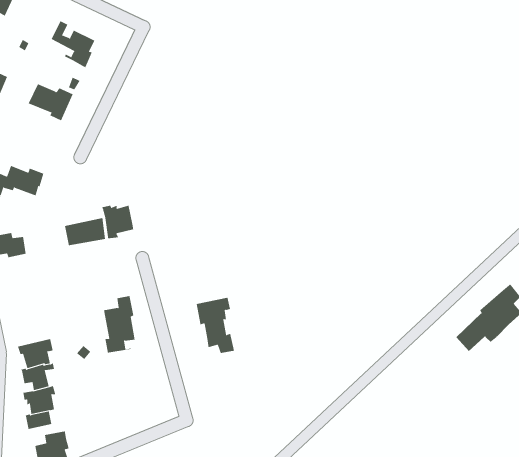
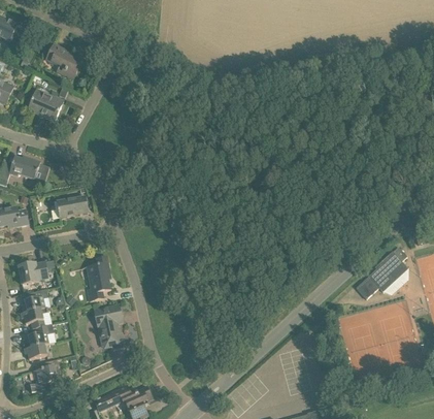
building: [101,205,134,239] -> none
building: [196,297,235,353] -> [94,304,124,348]
building: none -> [18,262,47,284]

